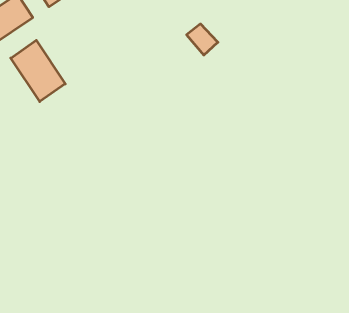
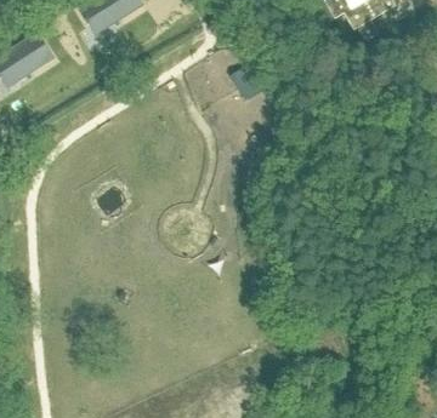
building: [11,40,65,102] -> none

